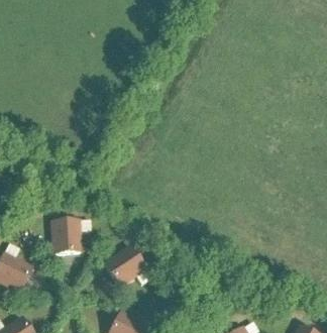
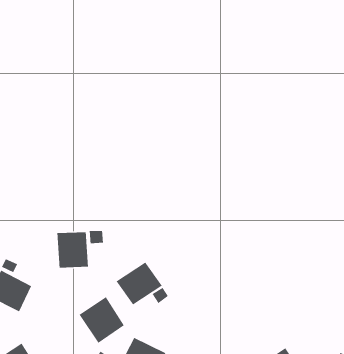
building: none -> [79,296,125,344]

